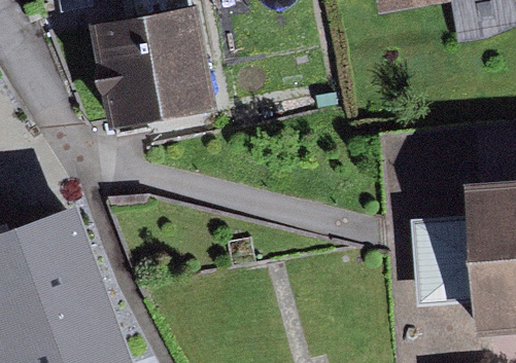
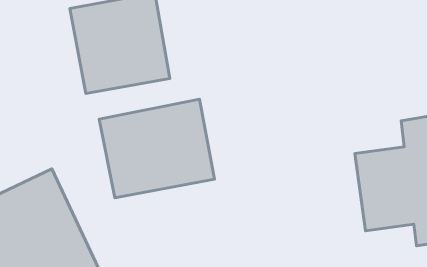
building: none -> [99,99,215,198]

